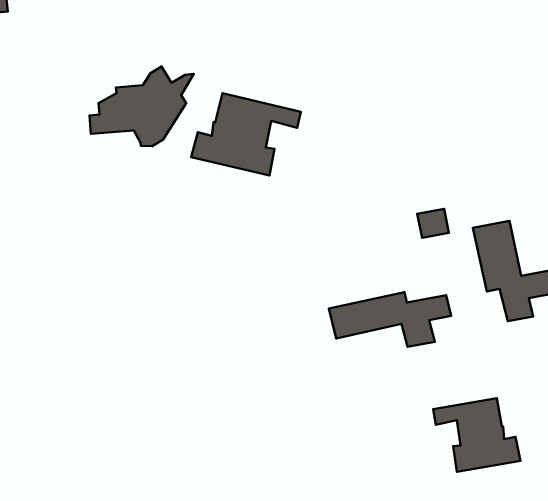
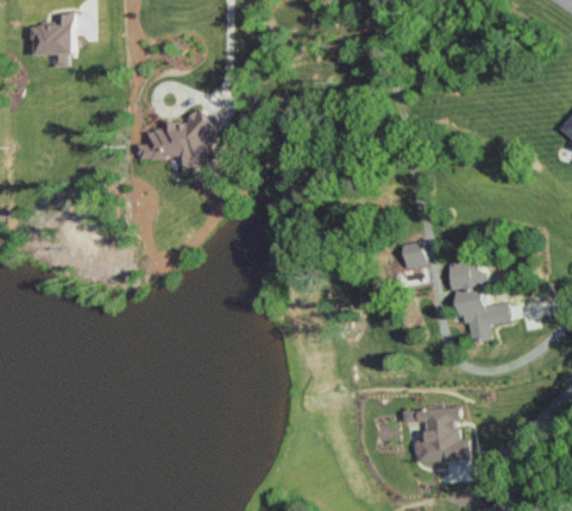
building: [191,93,301,176] -> none
building: [329,292,451,347] -> none

